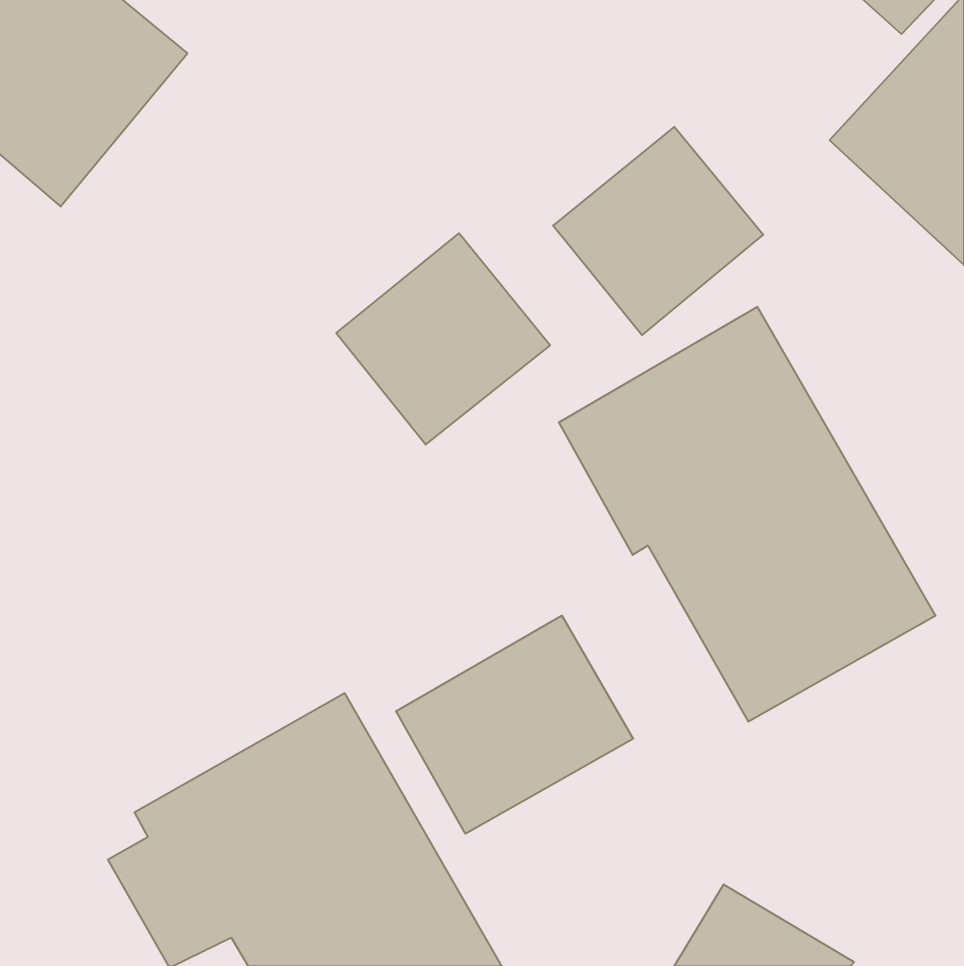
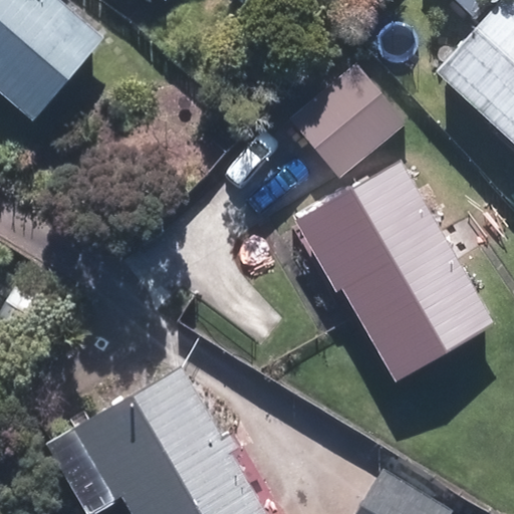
building: [336,233,550,445] -> none
building: [396,616,633,834] -> none

